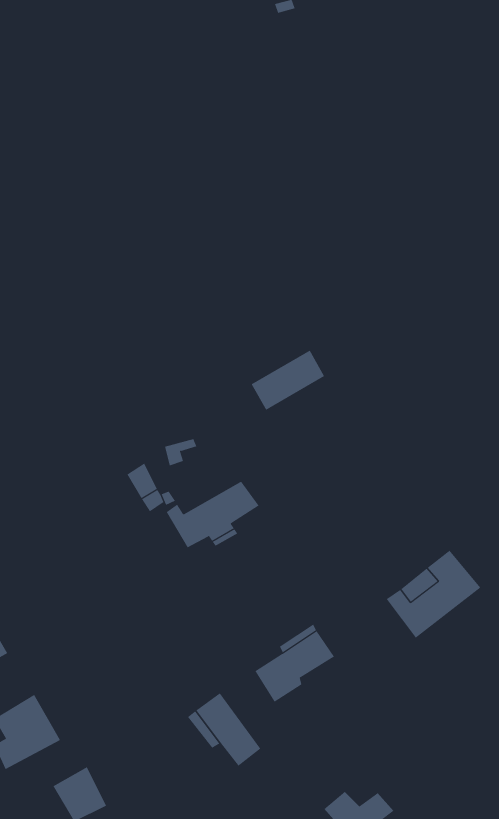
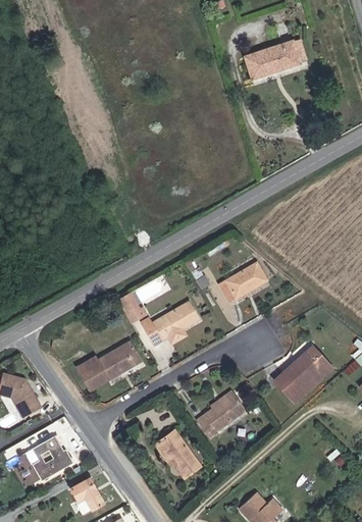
building: none -> [236,42,295,81]
building: [251,350,325,410] -> [223,259,269,297]
building: none -> [79,342,140,389]

